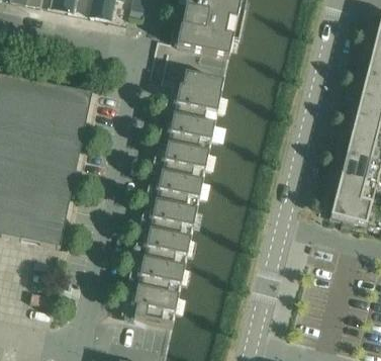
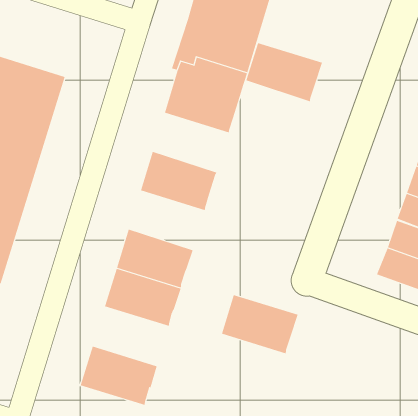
building: [160,113,214,153] -> [246,42,323,102]
building: [148,171,202,210] -> none
building: [129,257,184,296] -> [221,294,299,354]

